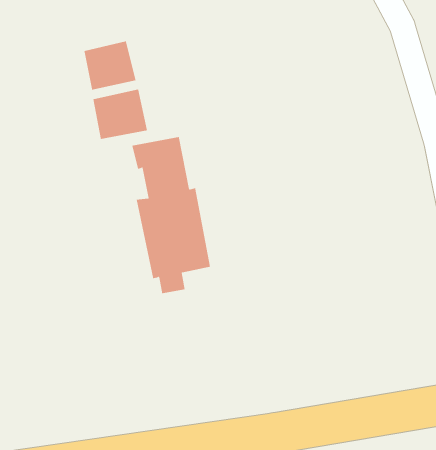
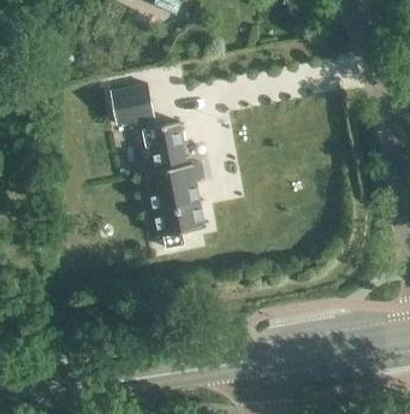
building: [84,41,136,91] -> none

